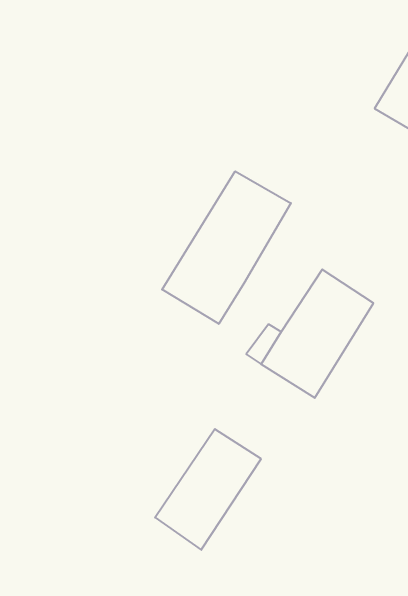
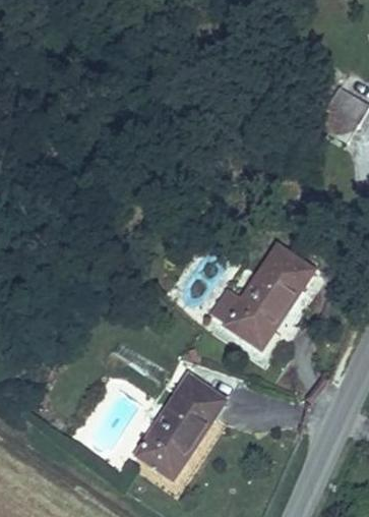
building: [162,171,291,324] -> none

